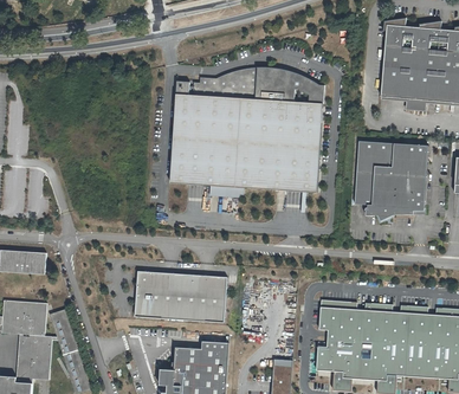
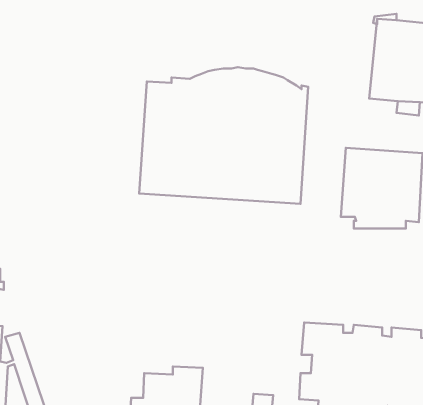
building: [134,270,227,322] -> none

